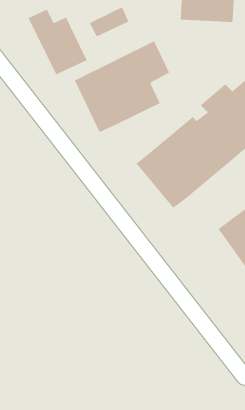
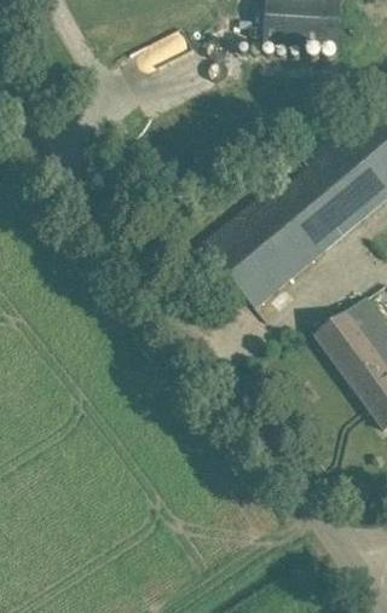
building: [27,8,88,76] -> none
building: [74,40,170,133] -> none

